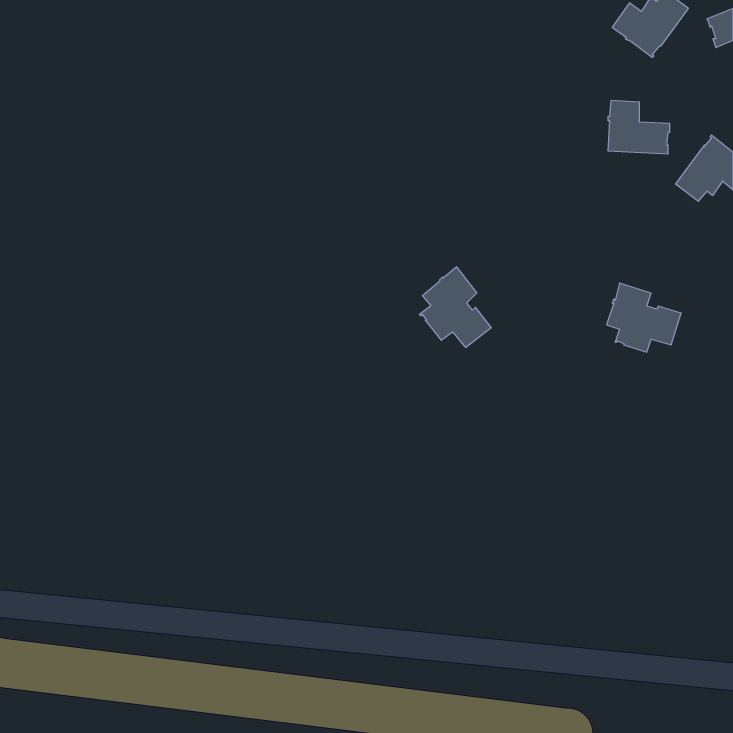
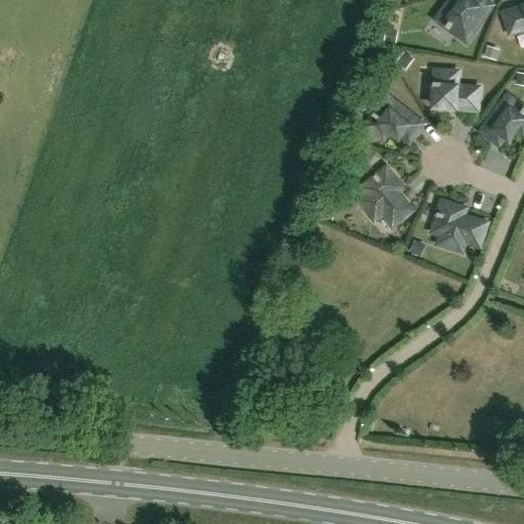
building: none -> [365,97,422,141]
building: [419,267,491,347] -> [359,168,410,225]

